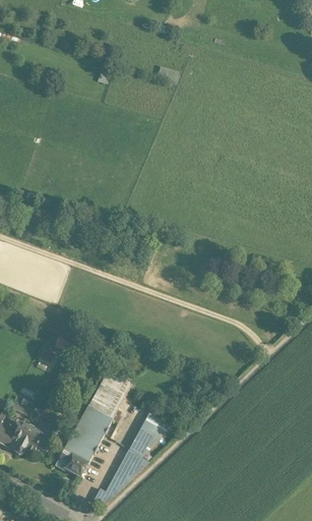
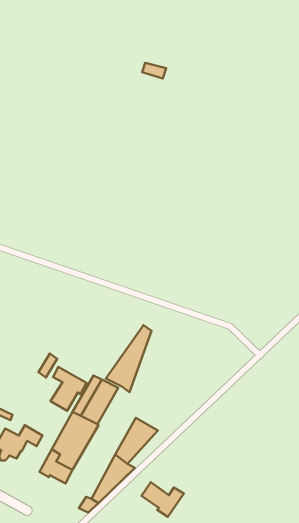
building: none -> [106,325,151,392]
building: none -> [51,367,87,411]
building: none -> [141,482,184,517]

